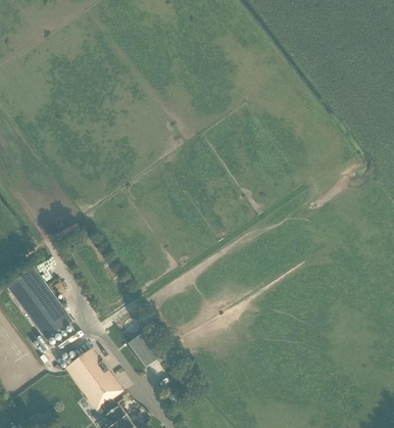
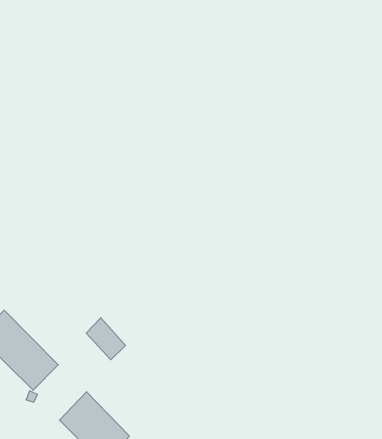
building: [128,330,159,367] -> [86,318,126,360]

